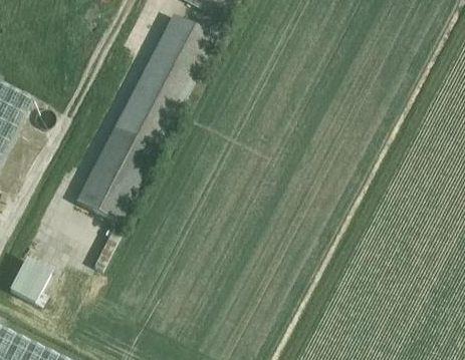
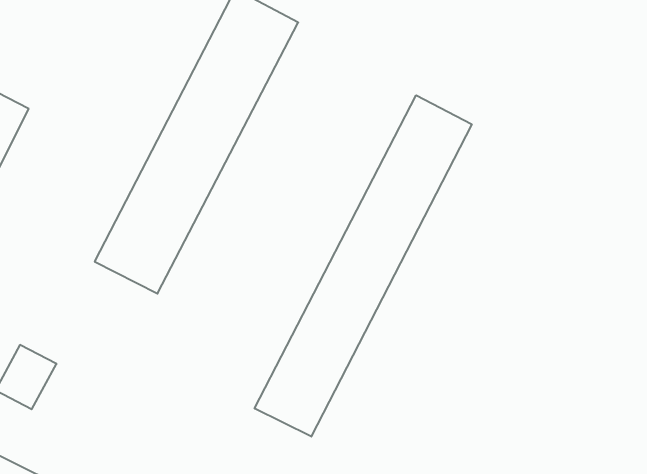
building: none -> [255,95,472,437]

